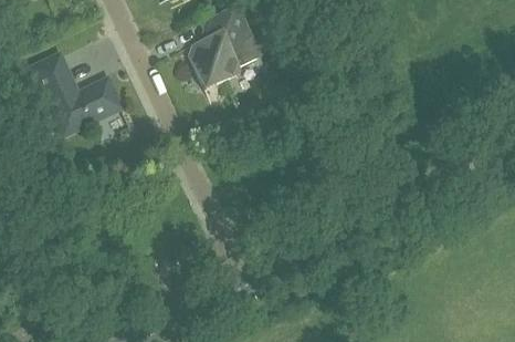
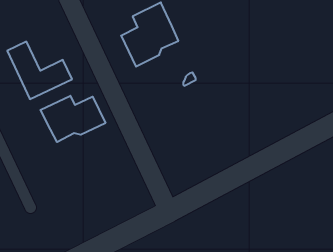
building: none -> [40,96,105,142]

